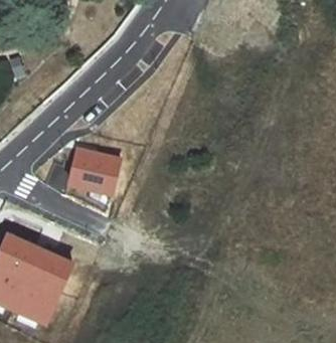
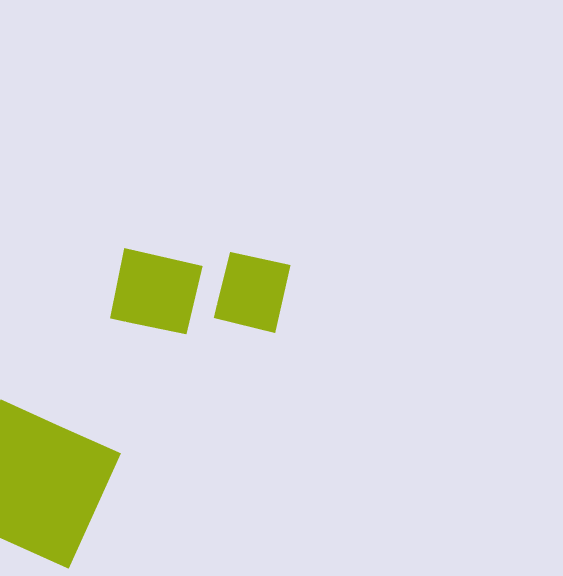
building: none -> [213,251,291,334]

